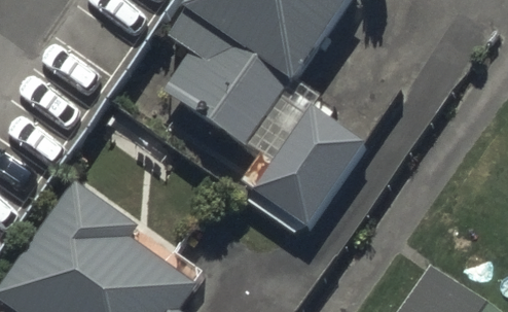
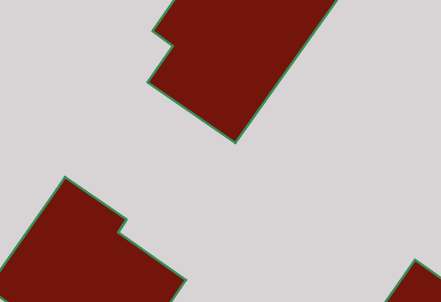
building: [254,103,365,221] -> none

